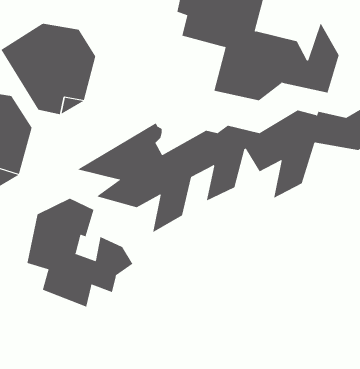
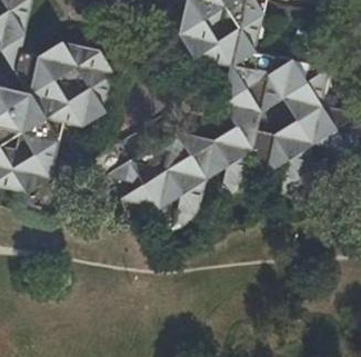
building: [27,198,133,308] -> none

